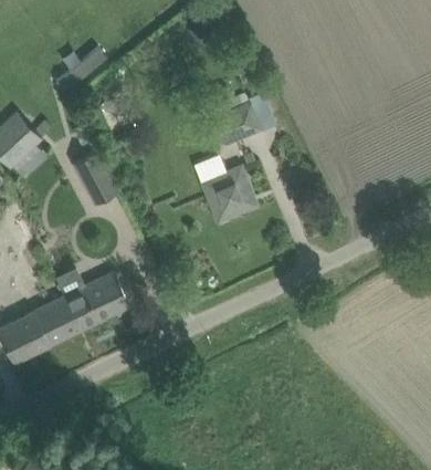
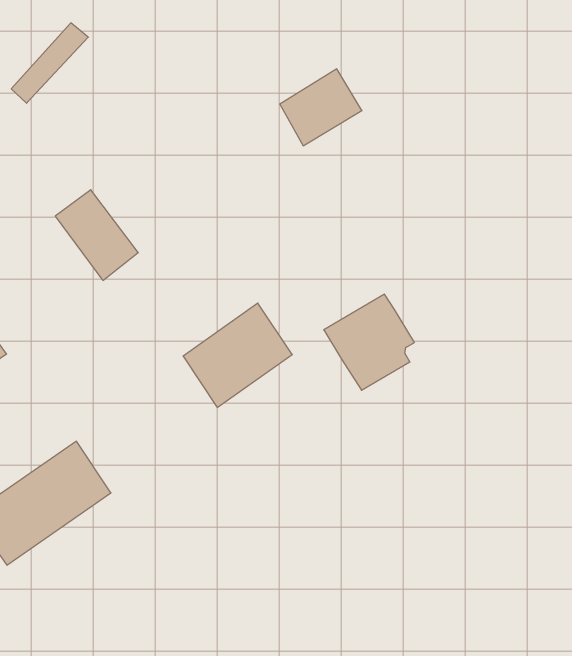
building: [201,167,253,221] -> [324,294,414,390]
building: [65,272,129,330] -> [183,303,292,408]

